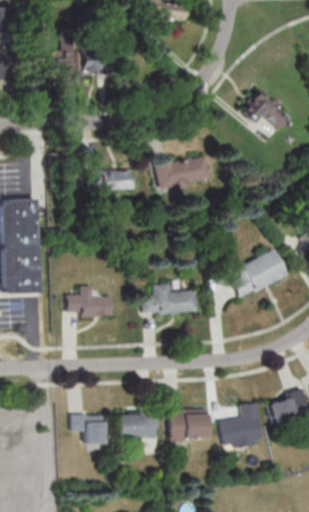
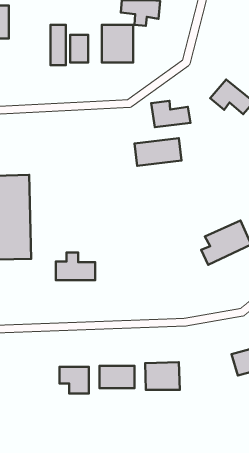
building: none -> [102,25,133,62]
building: none -> [151,101,190,127]
building: [88,170,131,190] -> none
building: [143,284,198,314] -> none
building: [221,403,262,449] -> none

